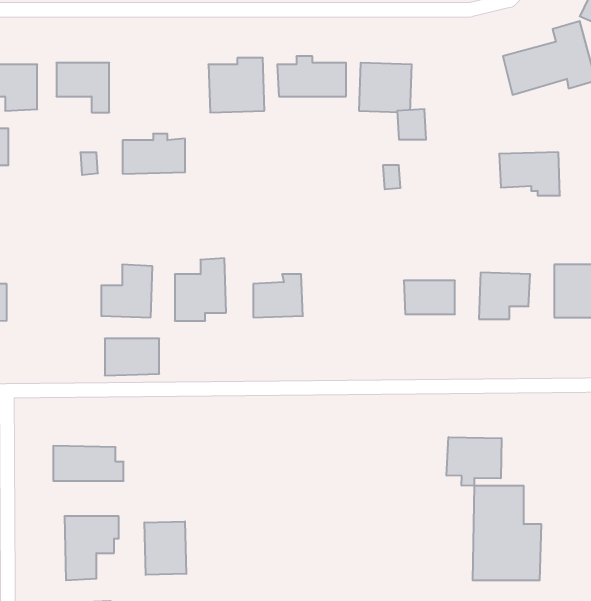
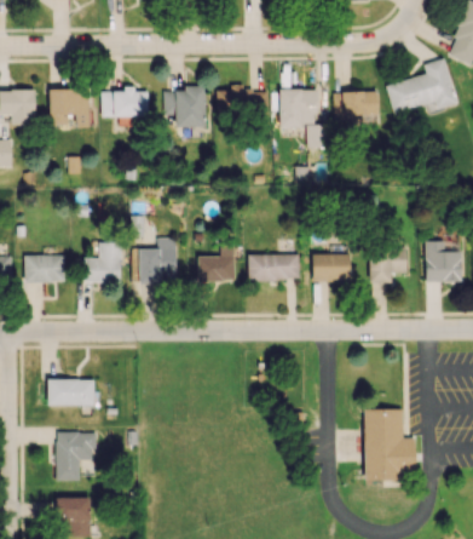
building: [123,134,185,174] -> [102,87,149,117]
building: [499,152,560,196] -> [334,92,380,125]
building: none -> [248,254,300,281]
building: [105,339,159,375] -> [24,256,65,283]
building: [447,437,501,486] -> none
building: [144,521,186,575] -> none

